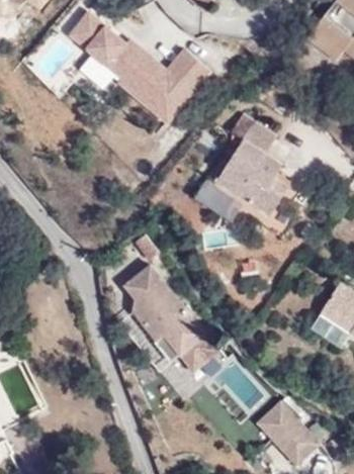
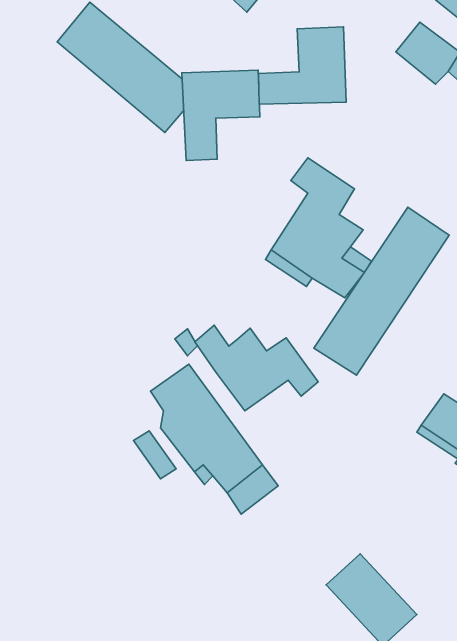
building: none -> [258,27,346,104]
building: none -> [314,207,449,375]
building: none -> [195,325,318,411]

